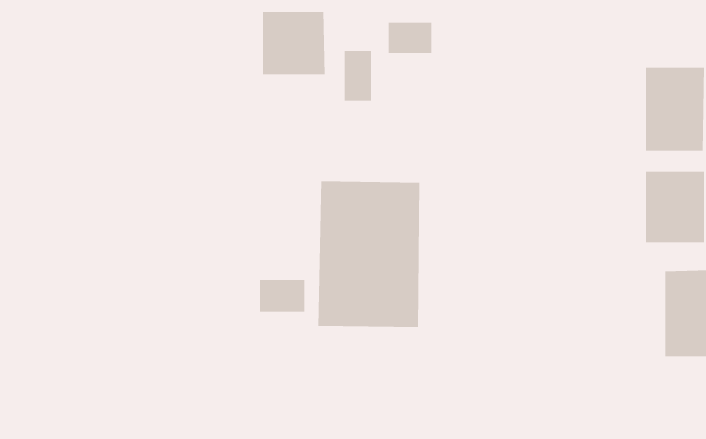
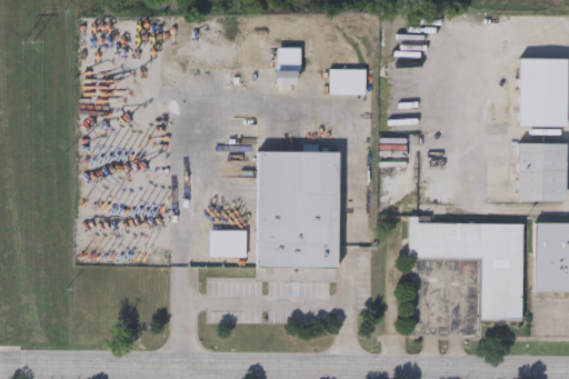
building: [262,11,326,75] -> none
building: [388,22,432,54] -> [330,69,366,94]
building: none -> [412,221,523,321]

